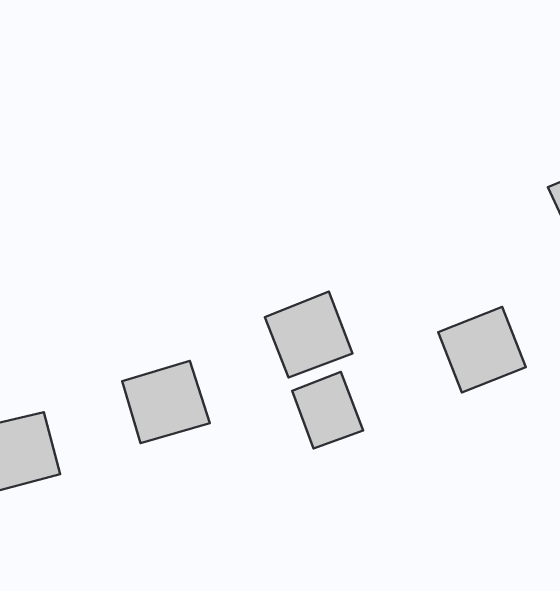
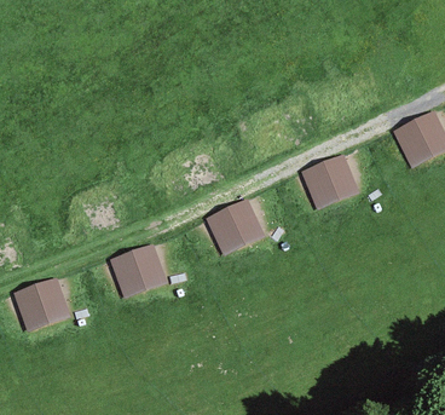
building: [438,307,526,393] -> [297,155,356,212]
building: [292,372,363,448] -> none

